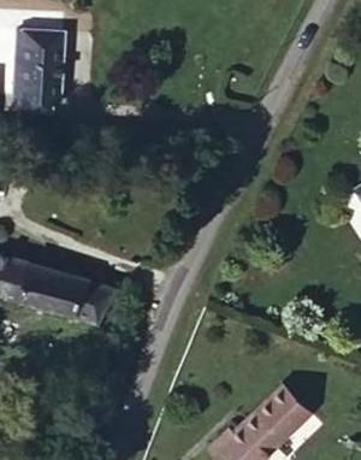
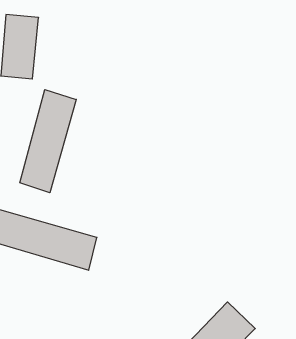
building: none -> [20,90,76,193]

